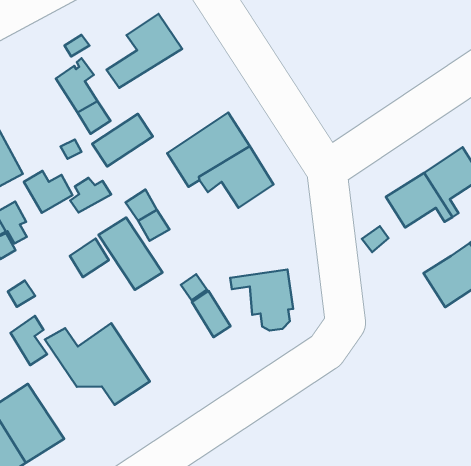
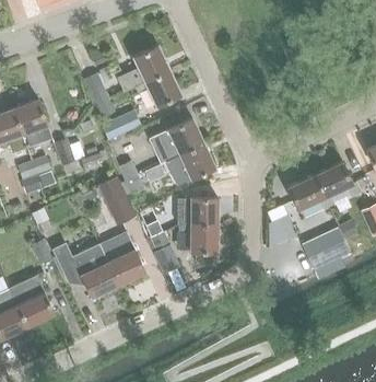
building: none -> [124,71,179,106]
building: none -> [178,197,216,225]
building: none -> [96,231,145,286]

